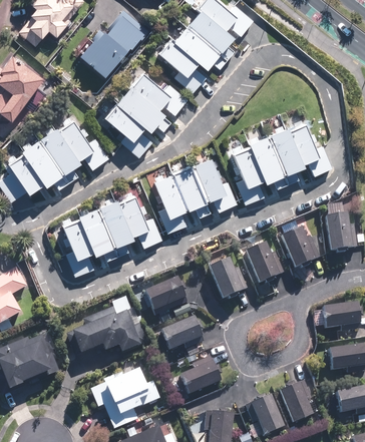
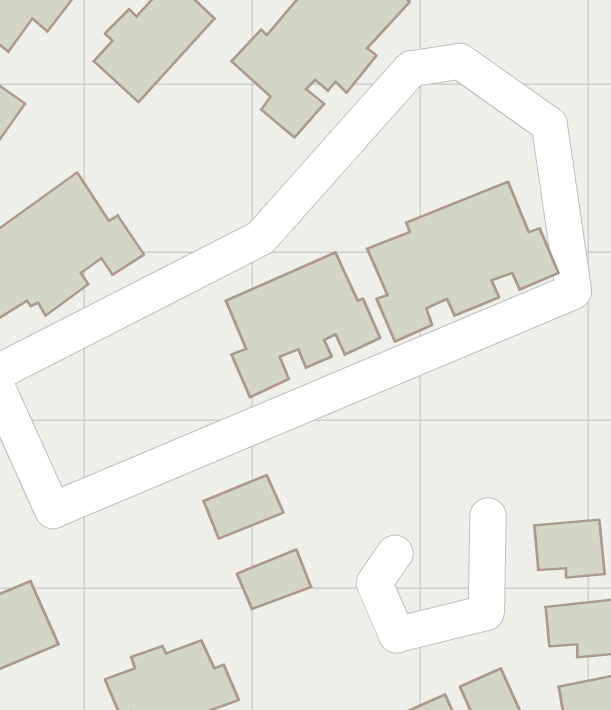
building: [105,70,187,158] -> none
building: [63,191,161,276] -> none
building: [325,208,355,251] -> none
building: [278,222,316,269] -> none
building: [245,243,279,284] -> none
building: [207,259,242,299] -> none
building: [75,296,144,352] -> none
building: [177,355,219,395] -> none

